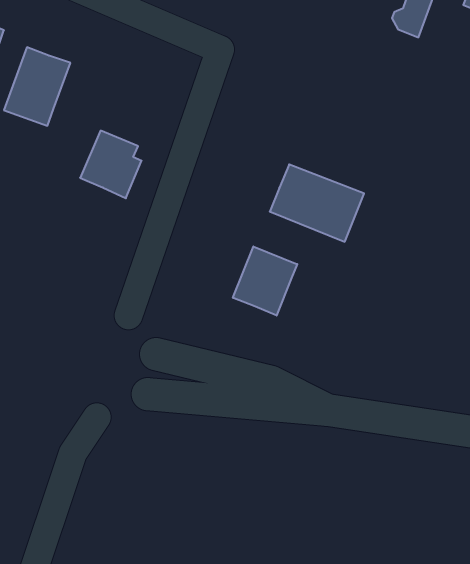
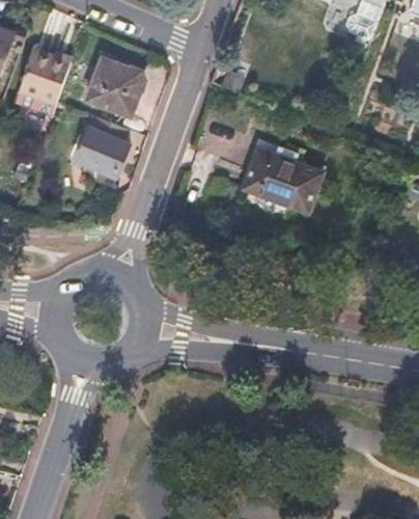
building: none -> [87,59,143,116]
building: [233,246,297,316] -> none

